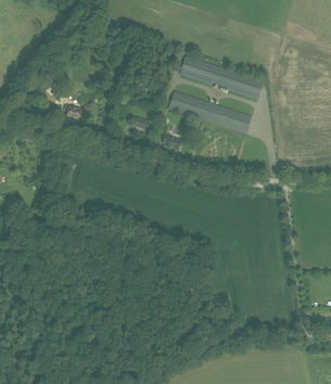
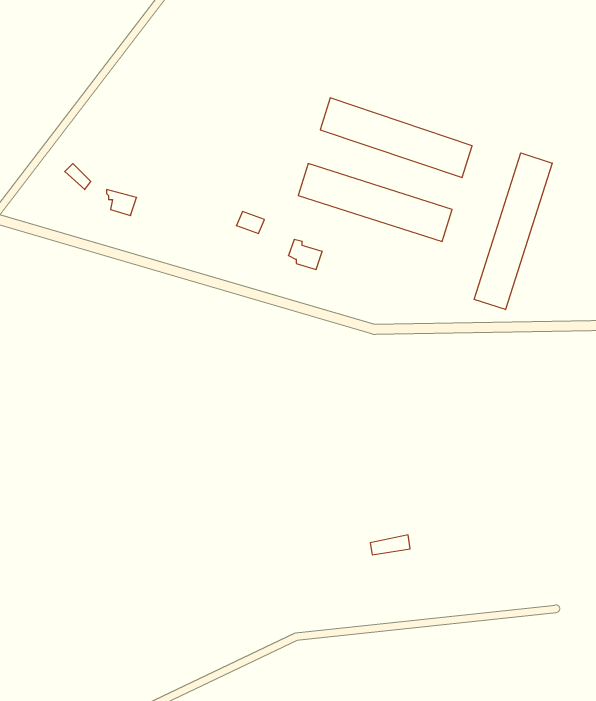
building: none -> [474,153,552,310]

